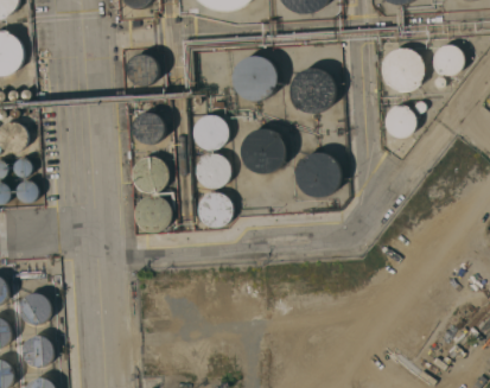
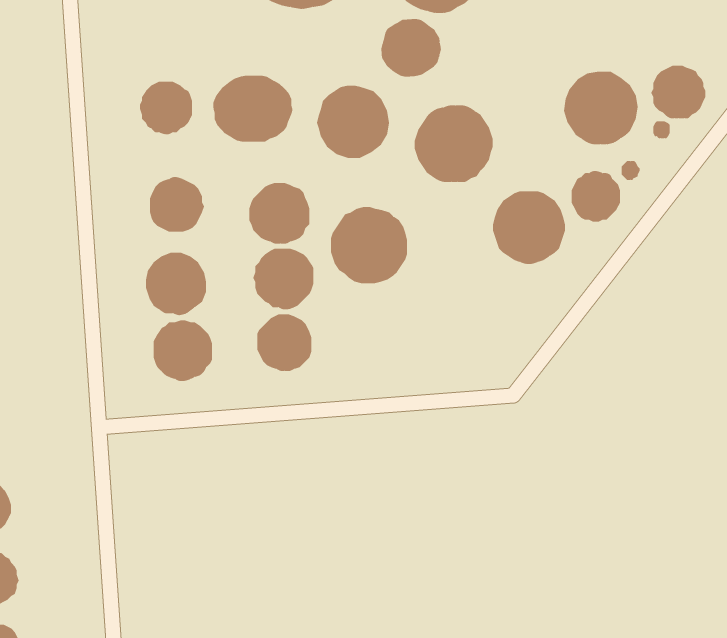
building: none -> [381,18,441,78]
building: none -> [213,75,293,143]
building: [297,153,341,197] -> [492,191,566,264]

